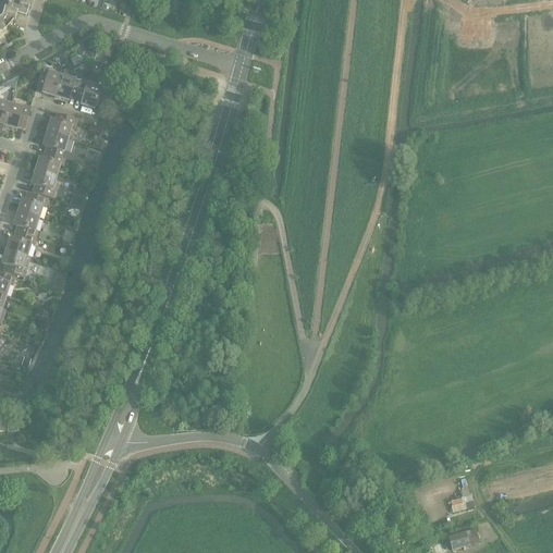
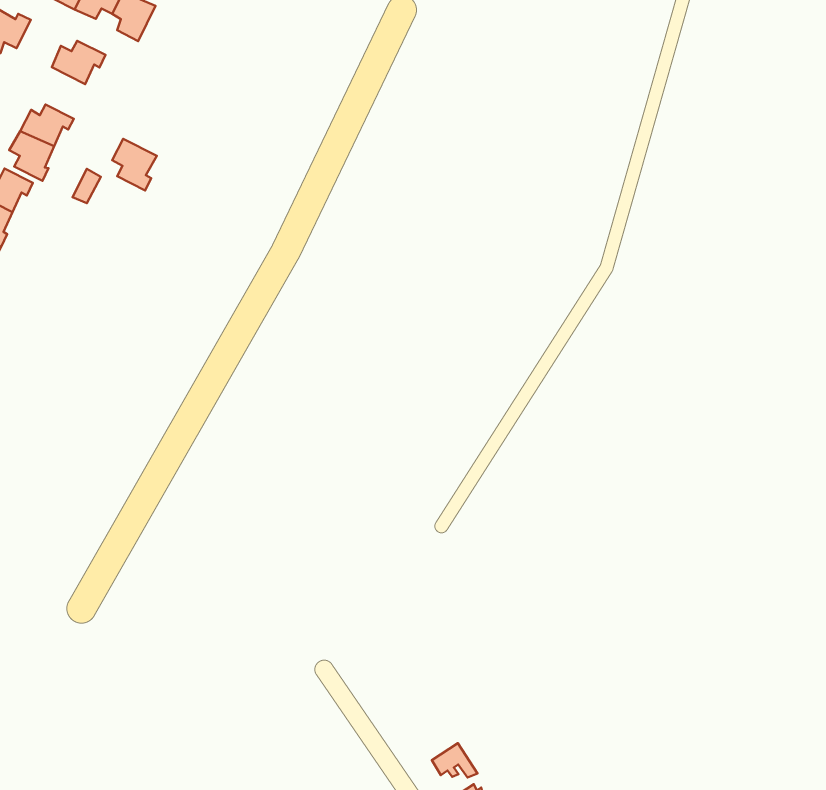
building: [39,130,64,157] -> [112,139,157,191]

